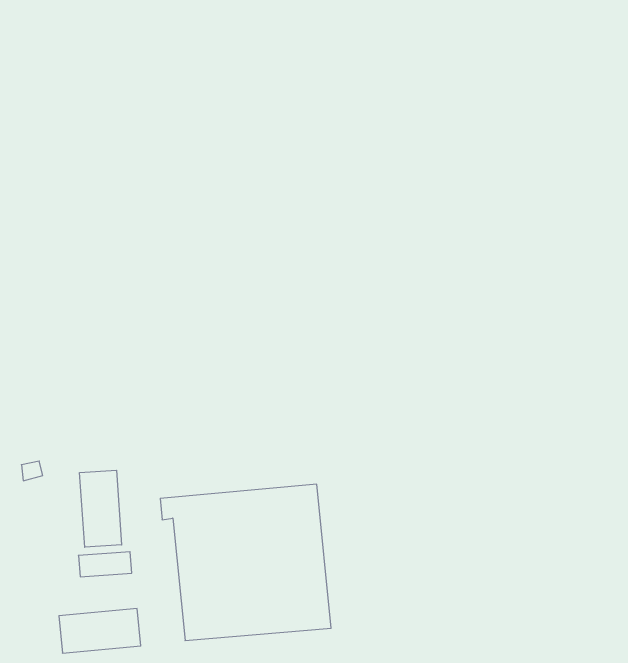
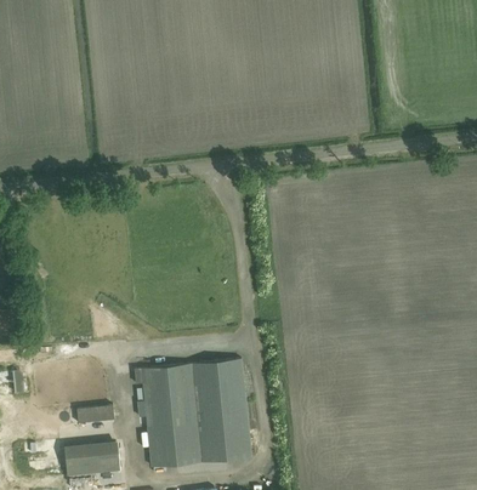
building: [80,470,122,547] -> none

